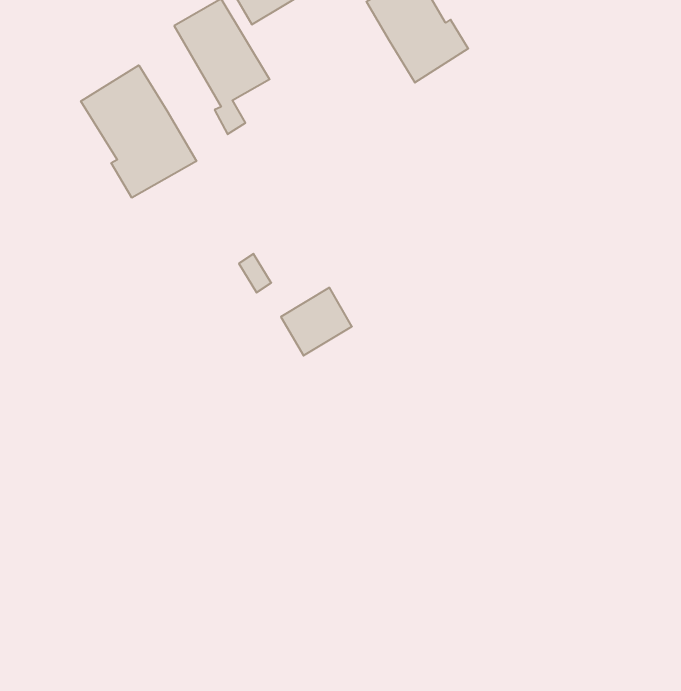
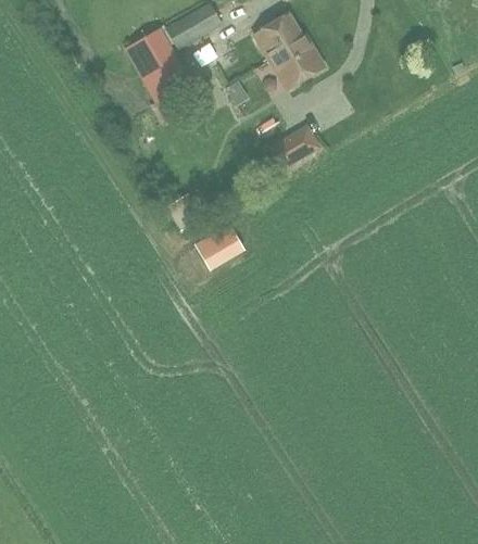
building: [81,65,196,198] -> none
building: none -> [273,126,317,165]

